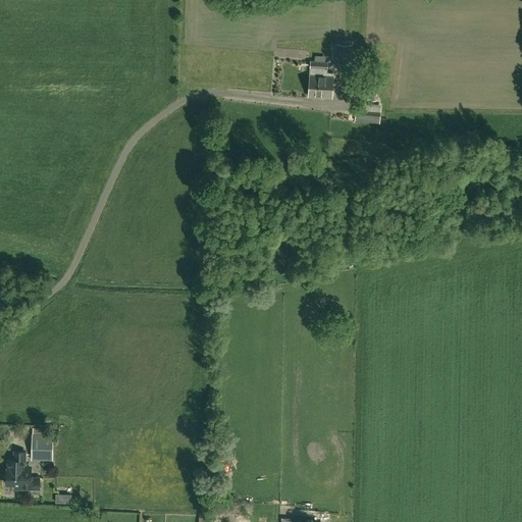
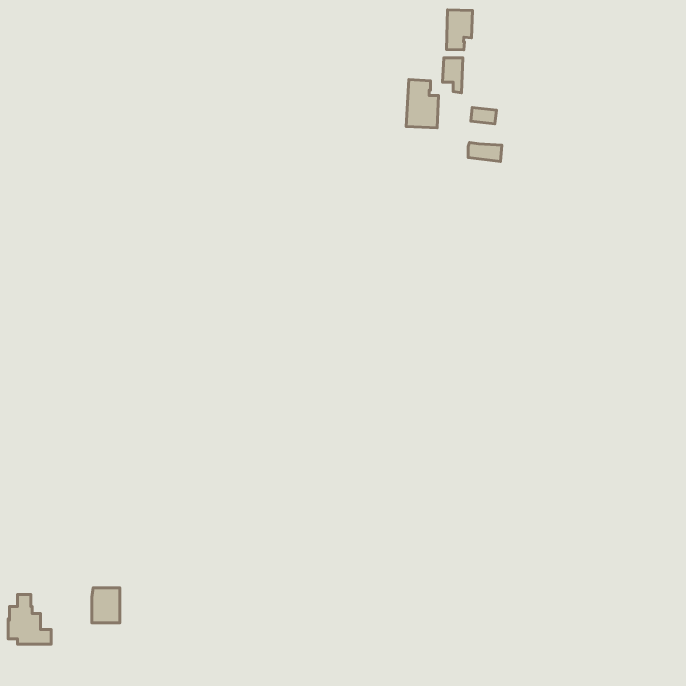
building: none -> [446,10,473,50]
building: [31,434,52,461] -> [92,588,120,623]

